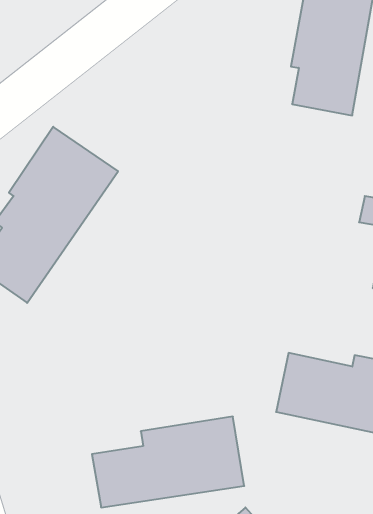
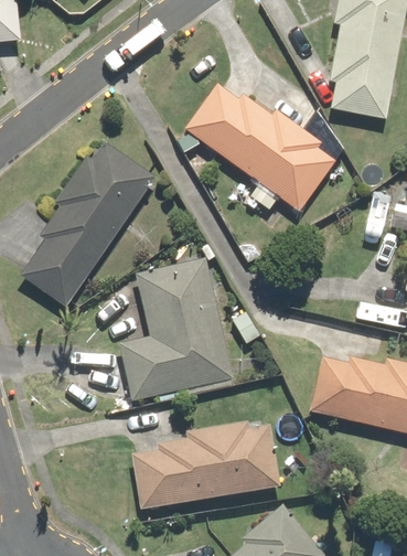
building: none -> [188,84,333,211]
building: none -> [124,255,233,400]

